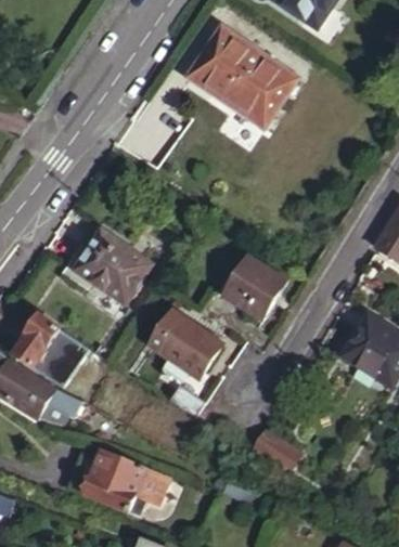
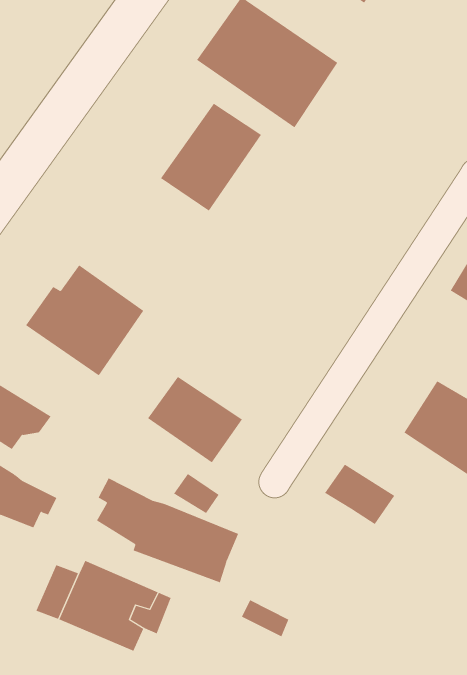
building: none -> [160,103,262,212]
building: [222,257,284,320] -> none
building: none -> [96,477,239,583]
building: [252,428,305,473] -> [324,464,395,525]

